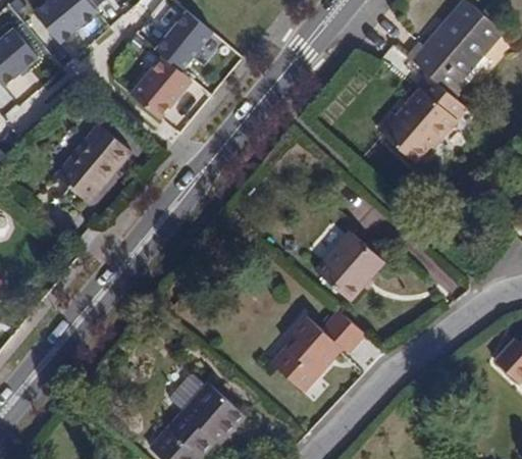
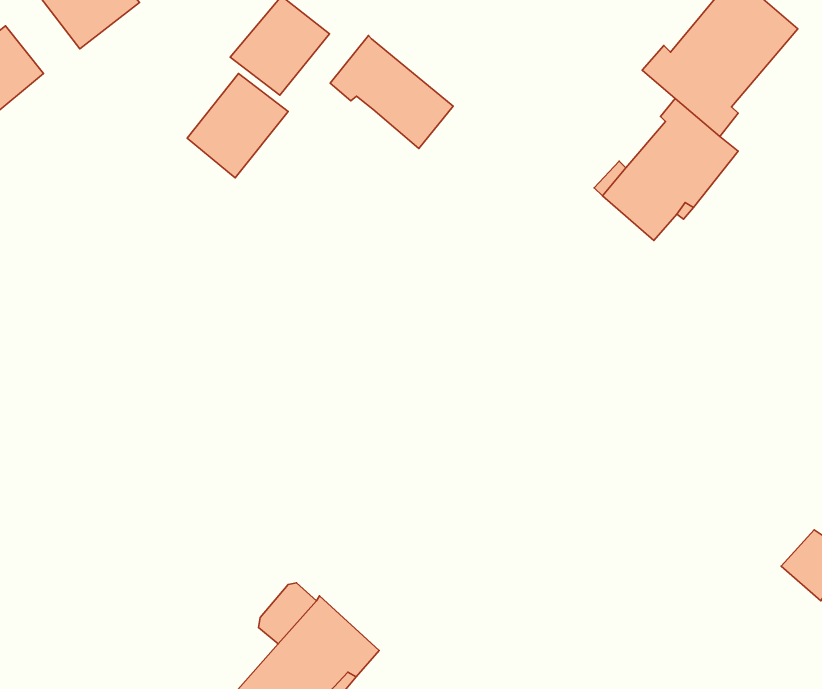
building: none -> [330,35,453,148]
building: [59,125,128,203] -> none
building: [315,231,385,301] -> none
building: [271,311,365,391] -> none

